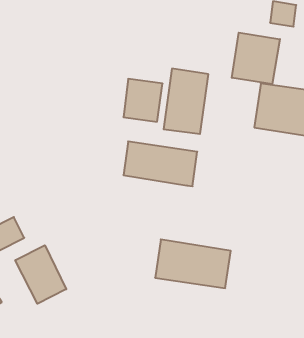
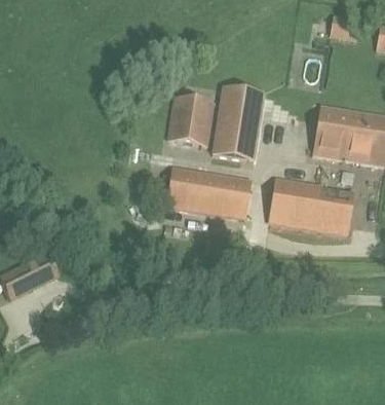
building: [232,33,280,84] -> none
building: [155,239,231,288] -> [269,180,352,233]
building: [15,245,66,304] -> none

